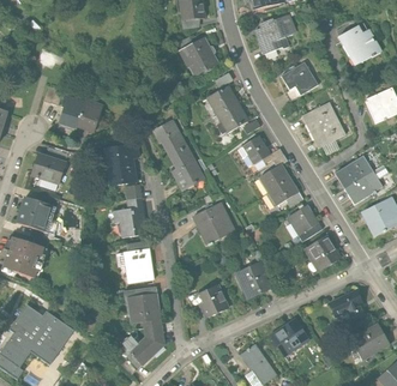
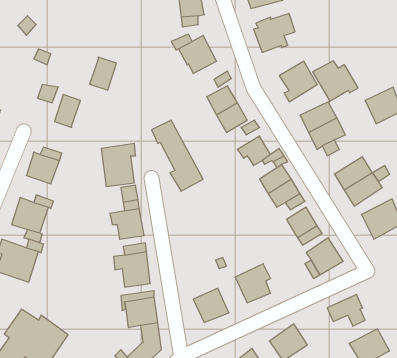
building: [336,28,380,67] -> [313,61,358,101]
building: [77,98,103,131] -> [89,57,116,90]
building: [193,203,236,245] -> none

